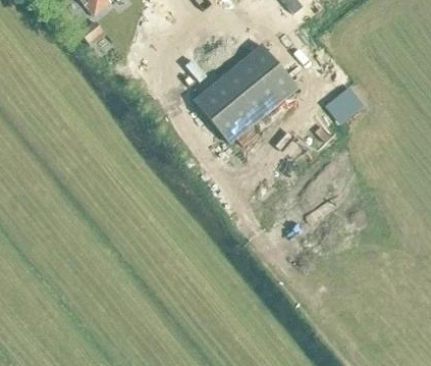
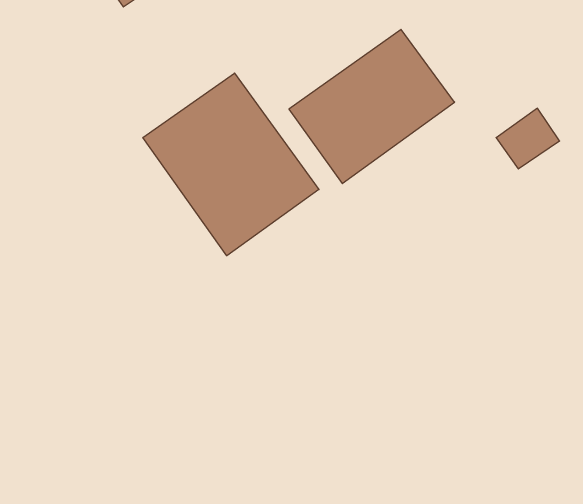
building: none -> [143,73,319,256]

